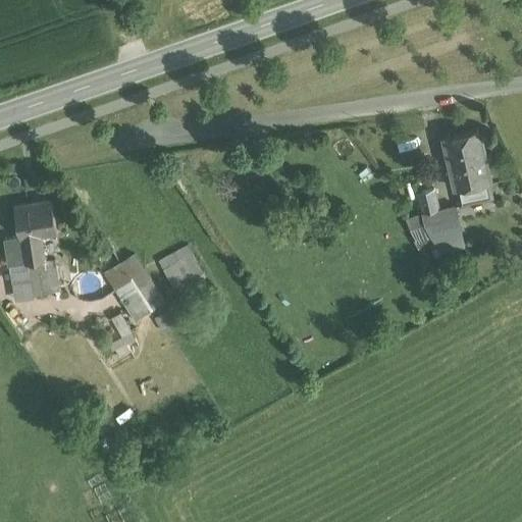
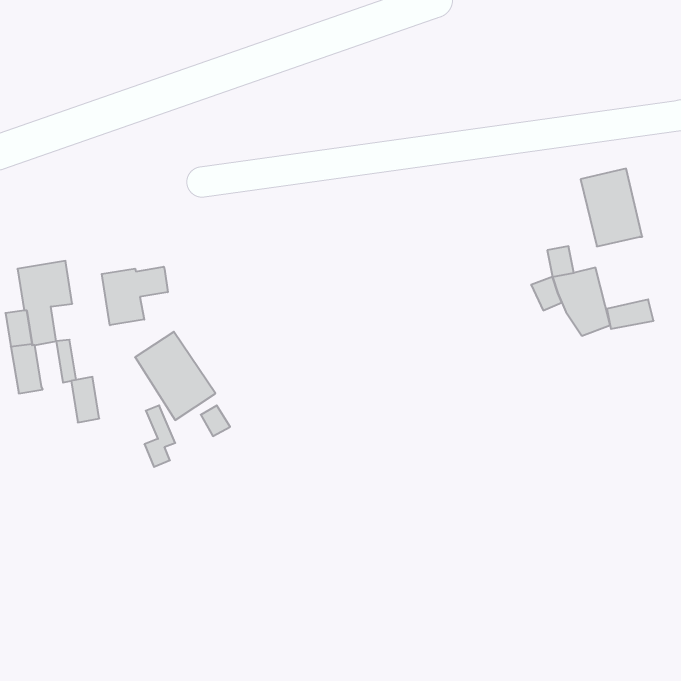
building: [456,182,491,205] -> [607,299,654,329]
building: none -> [102,267,168,325]
building: [157,247,204,294] -> none
building: [27,262,48,297] -> [71,377,99,422]

